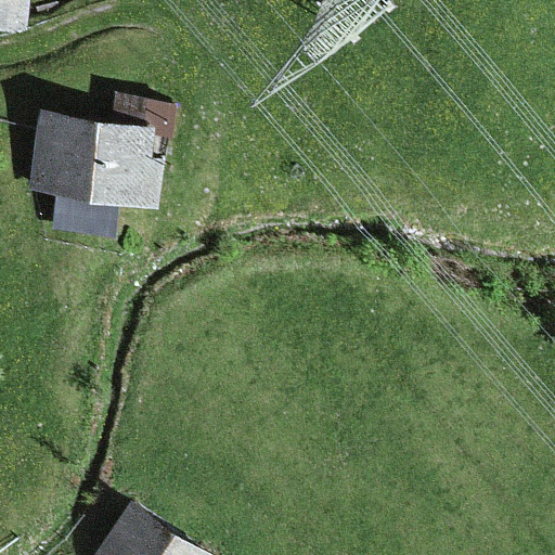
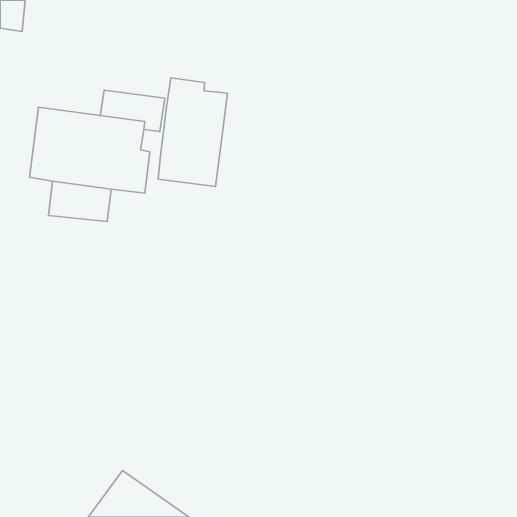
building: none -> [158,78,227,187]

